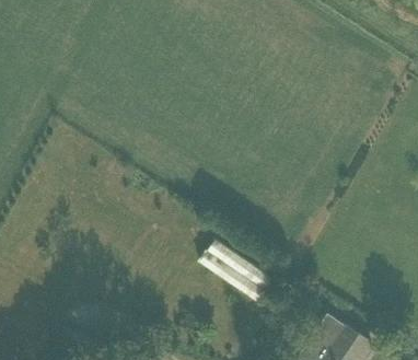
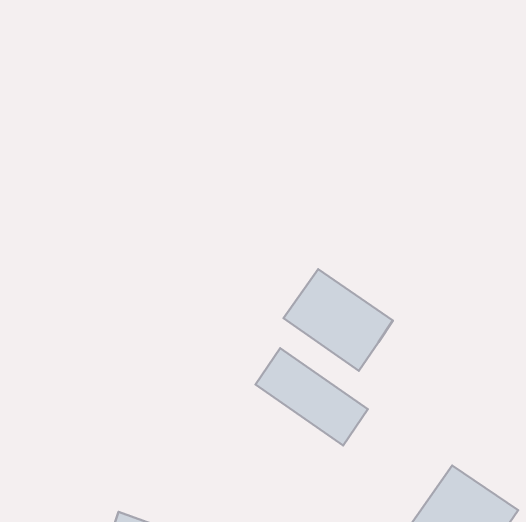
building: none -> [283,269,393,371]

